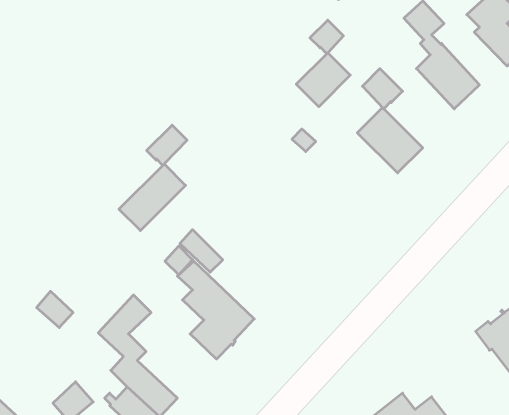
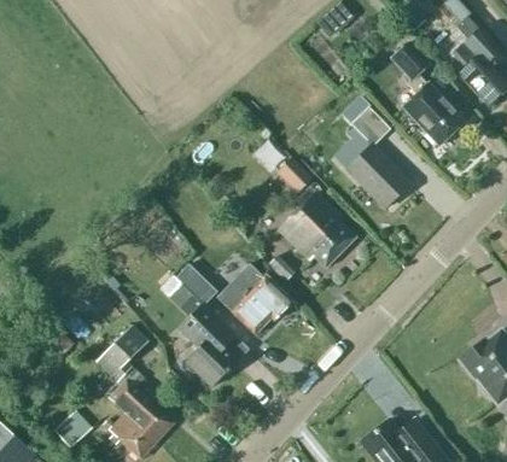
building: [296,20,350,107] -> none
building: [119,125,187,231] -> none
building: none -> [279,193,355,268]
building: none -> [216,264,291,335]

